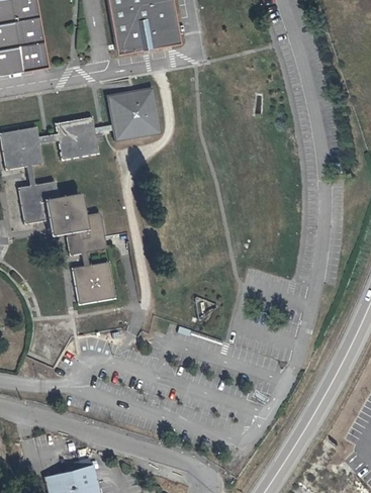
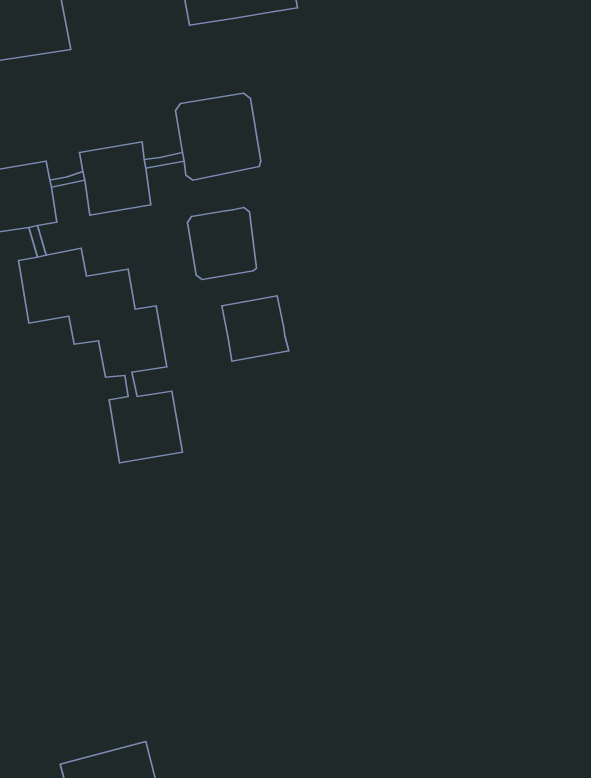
building: none -> [187,208,257,279]
building: none -> [222,296,289,361]

